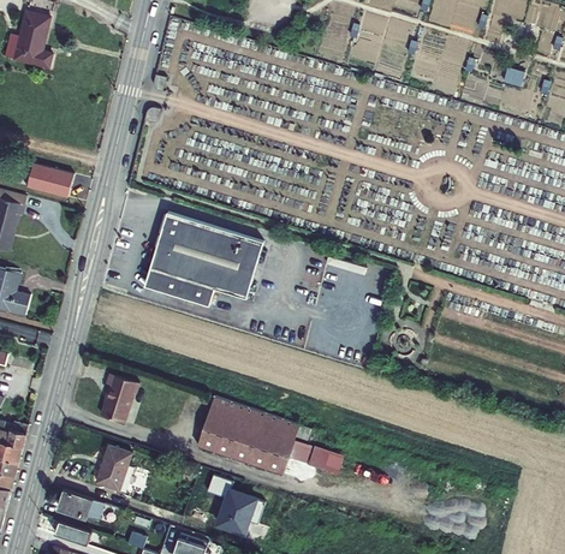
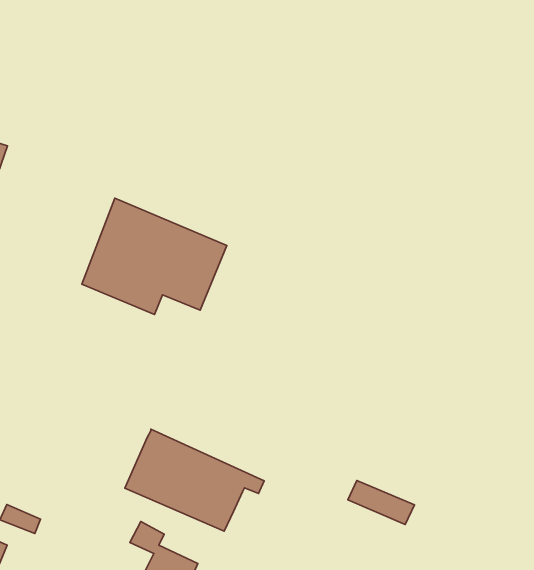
building: [100,374,137,423] -> none
building: [287,441,343,473] -> [348,480,414,524]
building: [100,446,133,479] -> none

